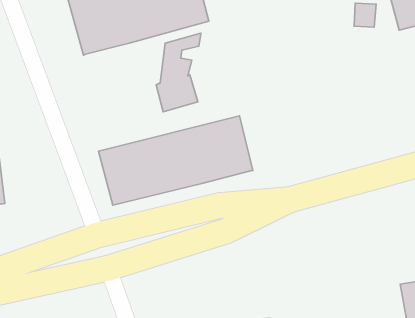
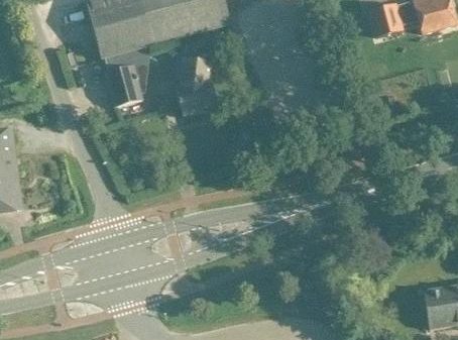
building: none -> [104,45,148,106]
building: [99,116,253,205] -> none

